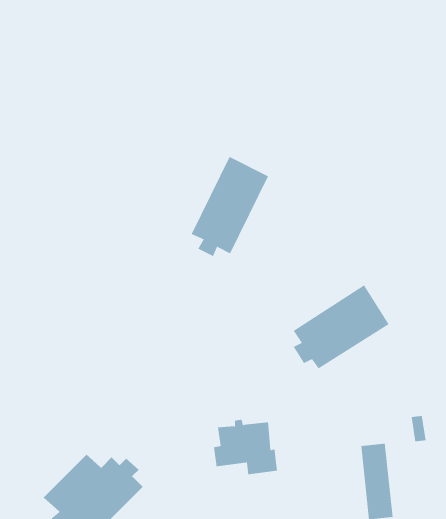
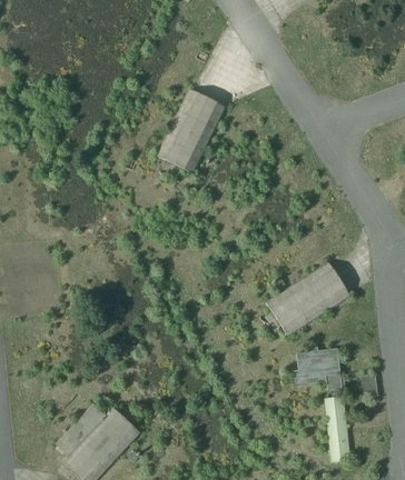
building: [191,156,269,257] -> [160,90,226,174]
building: [213,419,278,475] -> [293,346,347,392]

